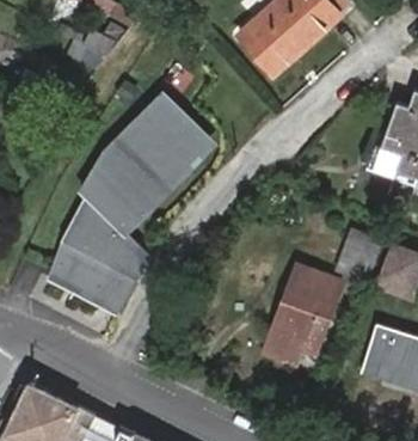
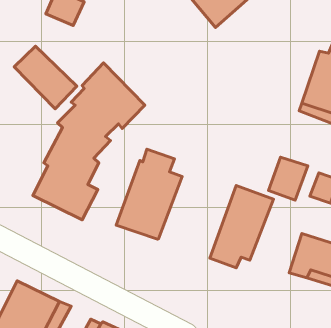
building: [135,92,211,169] -> [14,46,77,109]
building: none -> [116,149,182,239]

